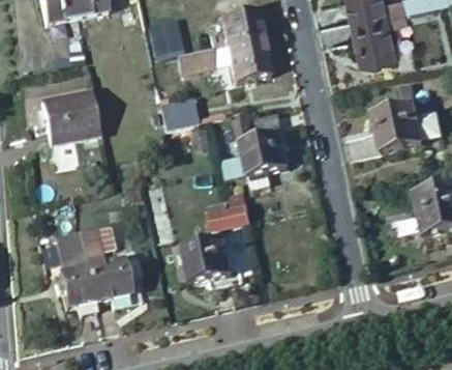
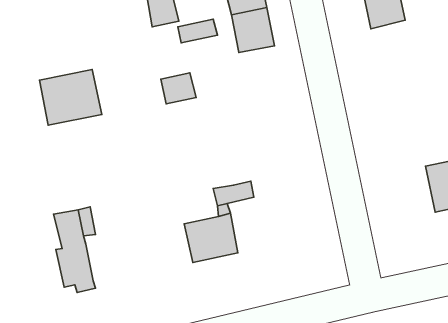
building: [373,88,424,156] -> none
building: [233,112,288,178] -> none
building: [86,259,140,306] -> none

